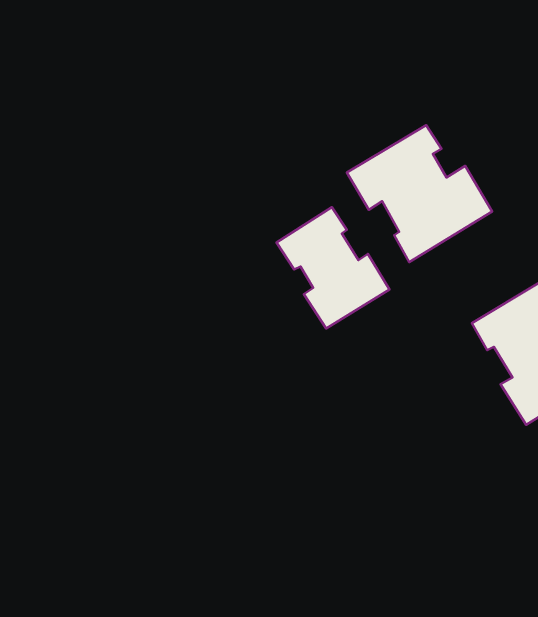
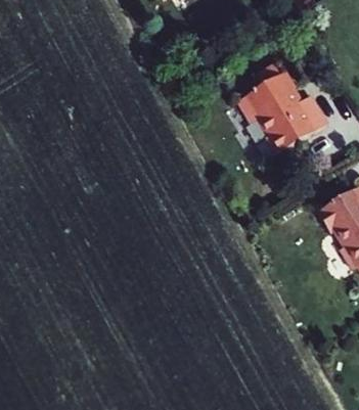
building: [276,207,390,329] -> none

